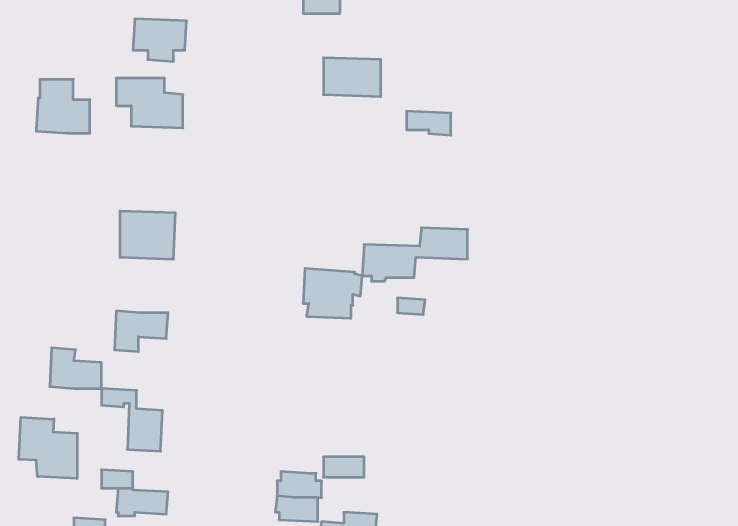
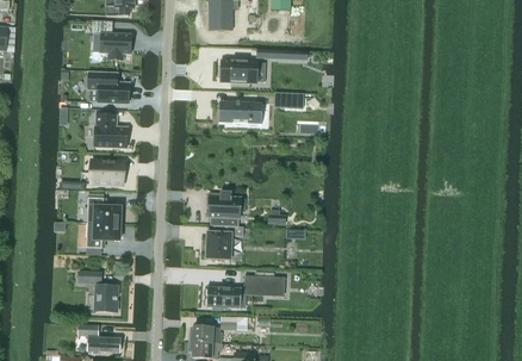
building: [36,79,90,133] -> [93,113,128,148]
building: none -> [219,101,259,124]
building: [362,228,468,281] -> [206,275,274,310]
building: none -> [205,225,243,260]
building: [50,348,101,388] -> [87,197,120,223]
building: [19,417,77,479] -> none

